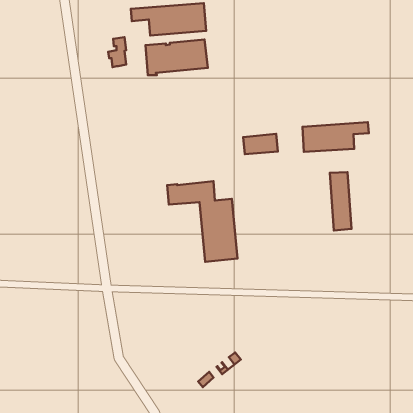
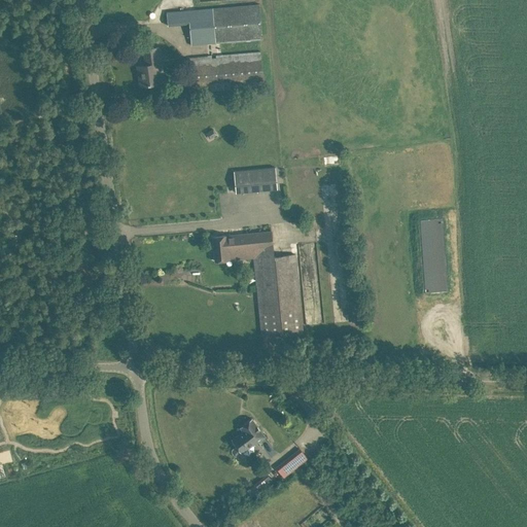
building: [302,122,369,152] -> none
building: [243,134,278,154] -> [234,167,278,192]
building: none -> [232,418,265,456]

